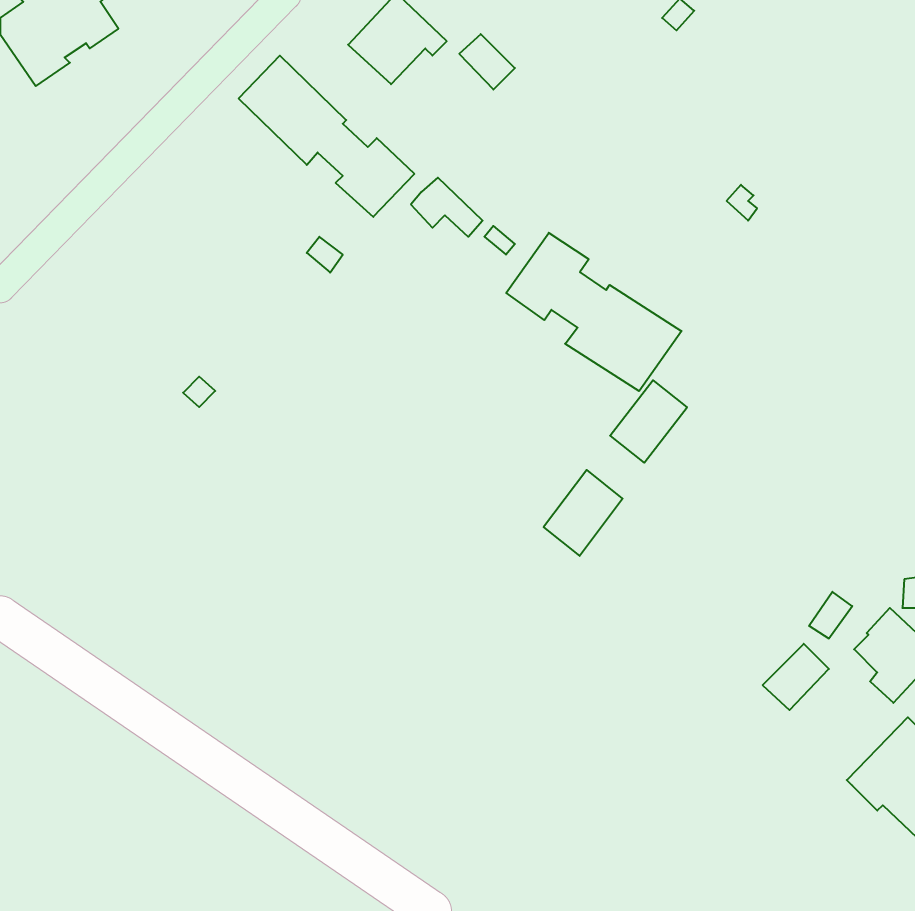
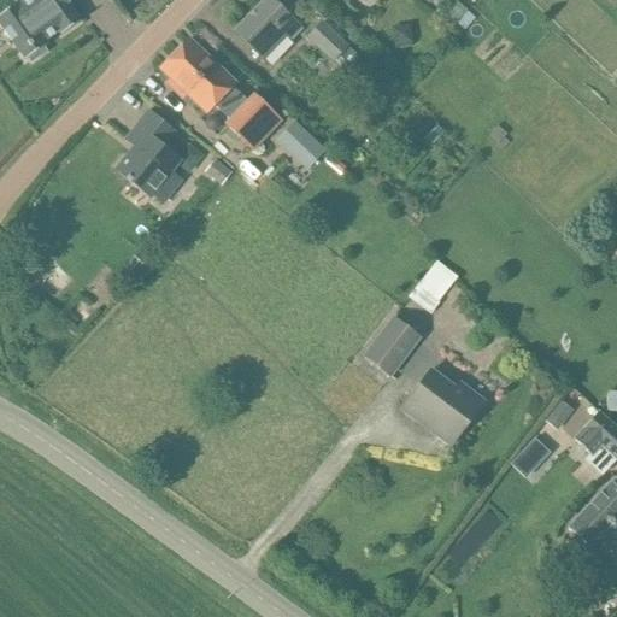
building: none -> [117,108,183,201]
building: [506,233,682,391] -> none
building: none -> [402,369,484,442]

